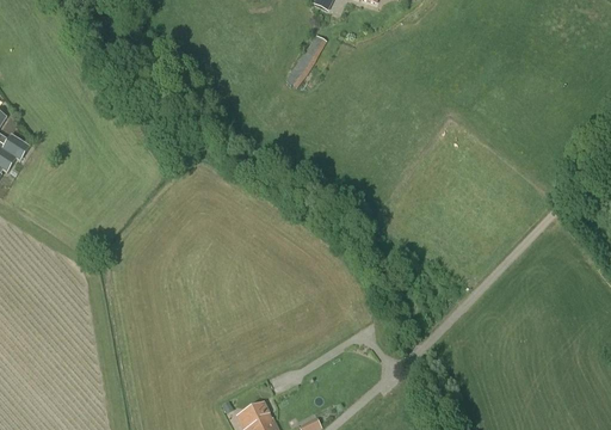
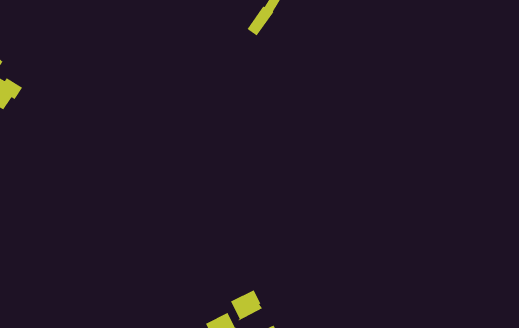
building: none -> [230,289,263,322]

